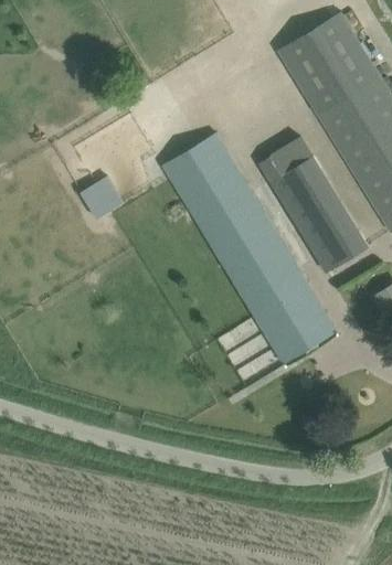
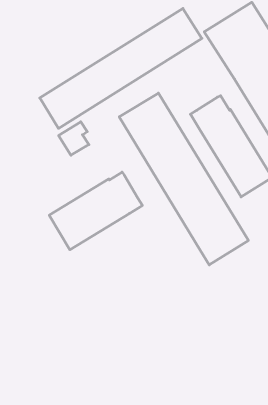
building: none -> [40,8,202,128]
building: none -> [49,172,142,250]

